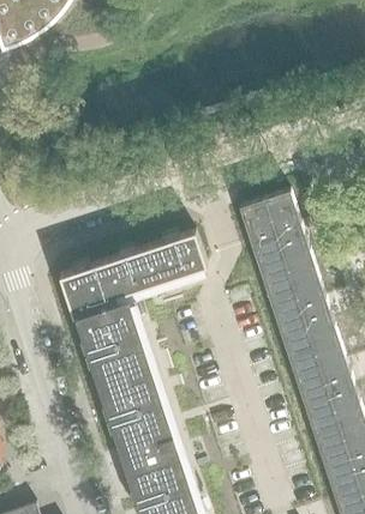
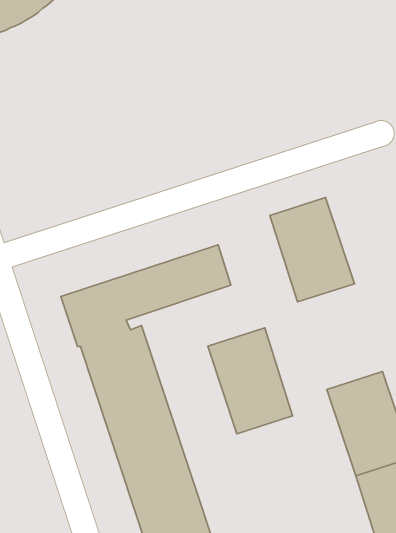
building: [263,266,336,357] -> [208,328,293,434]

